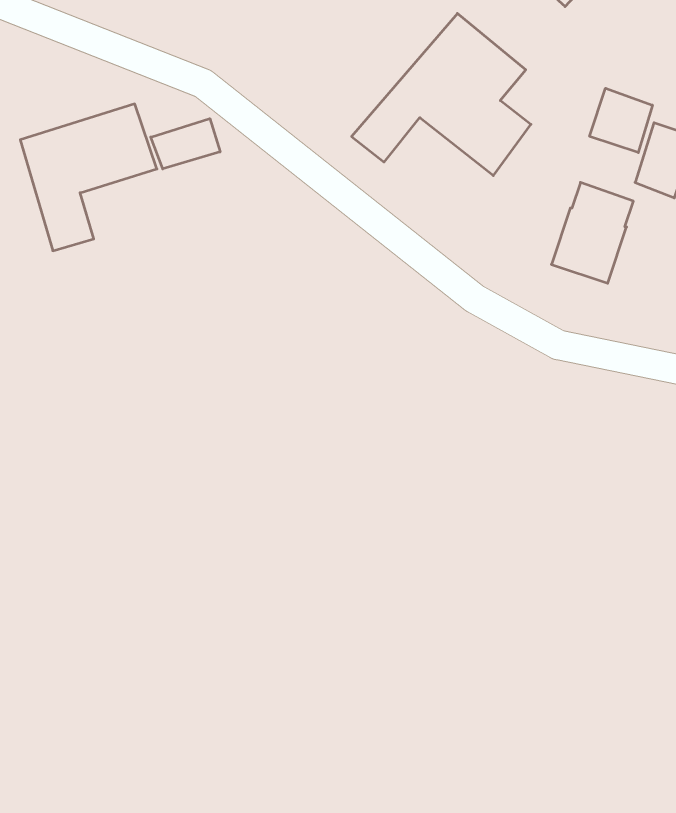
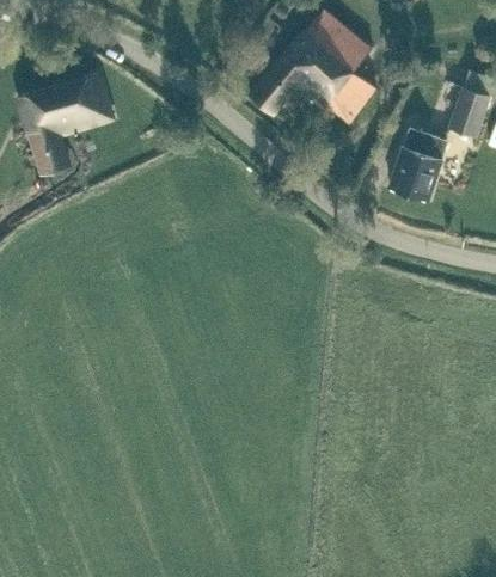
building: [590,88,652,153] -> none
building: [151,119,220,169] -> none

